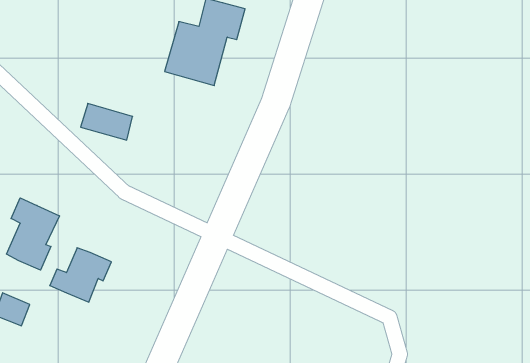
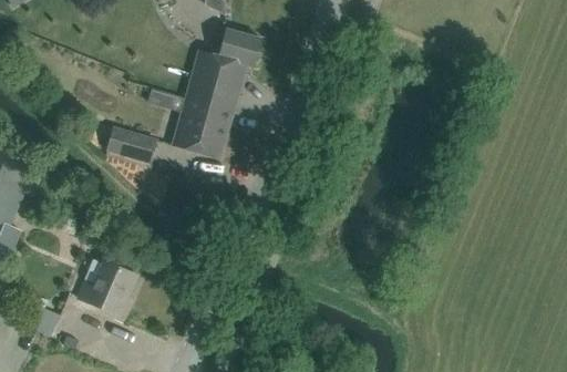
building: none -> [173,97,233,158]
building: [6,198,59,270] -> none

